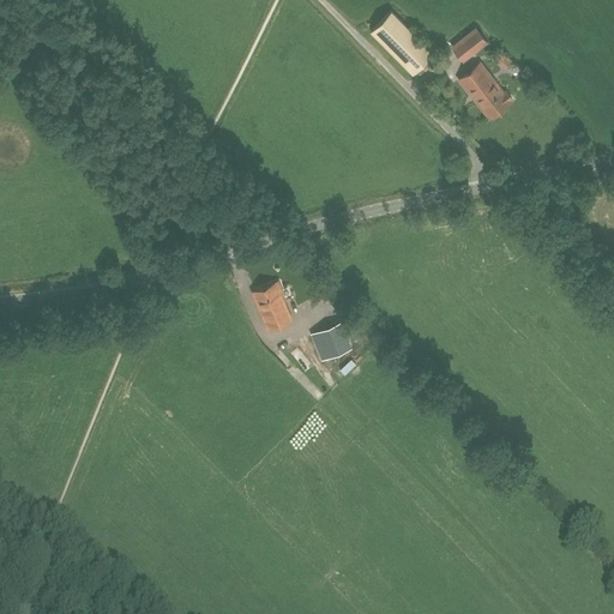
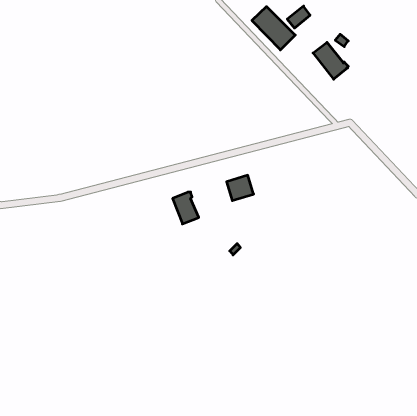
building: [453,30,487,62] -> [287,6,310,28]
building: [308,323,348,360] -> [227,175,254,201]

